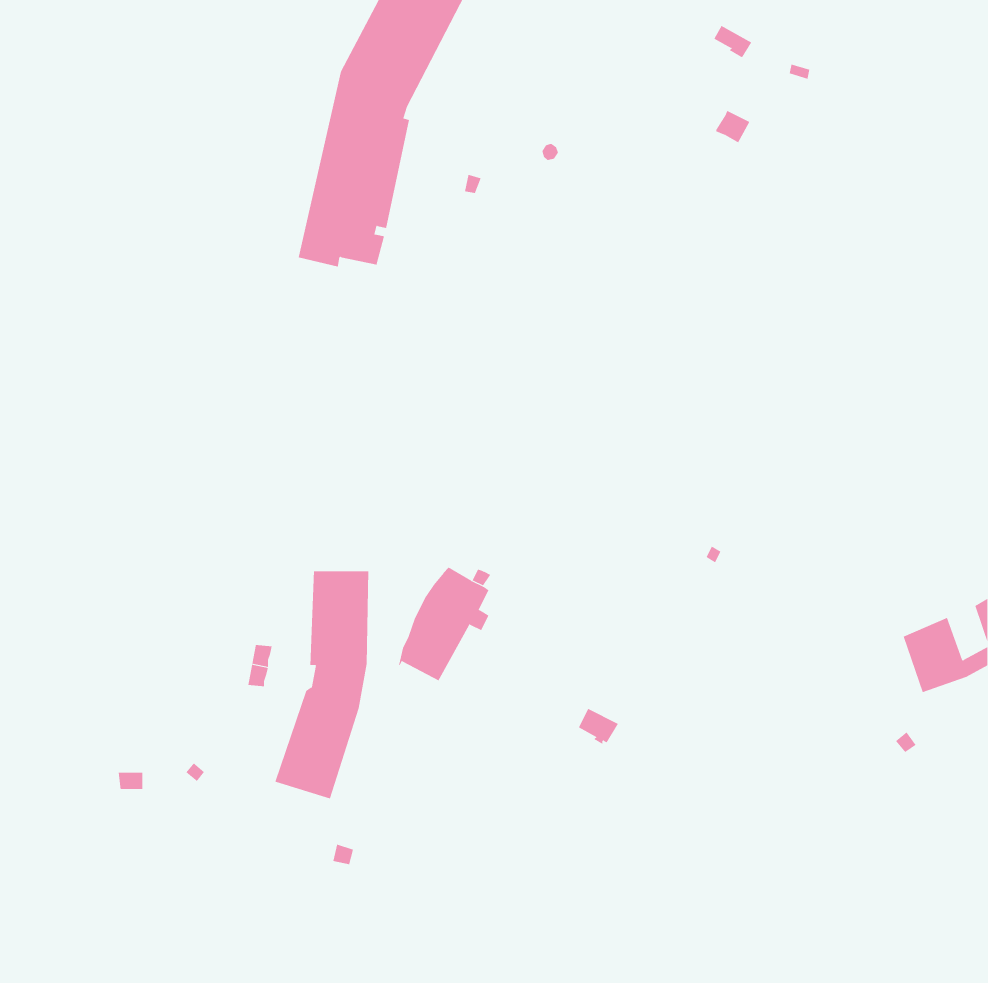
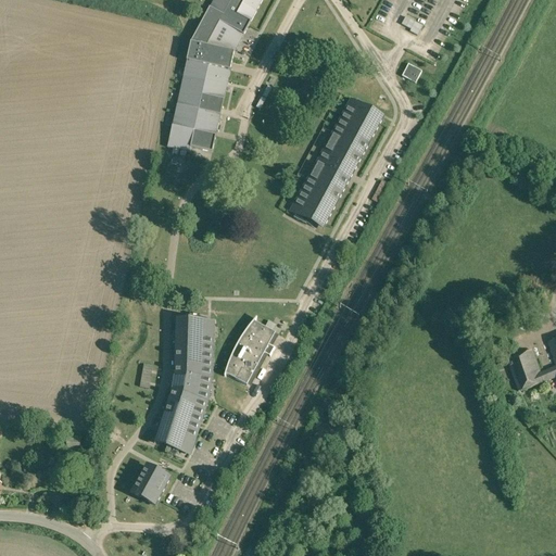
building: none -> [292,97,382,225]
building: none -> [131,463,170,503]

